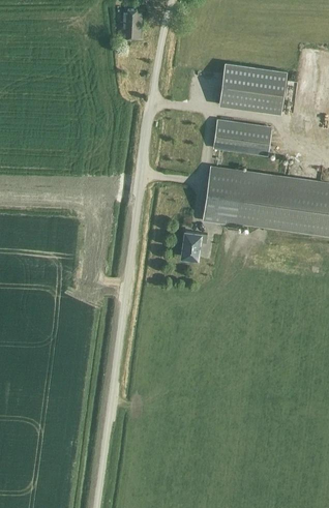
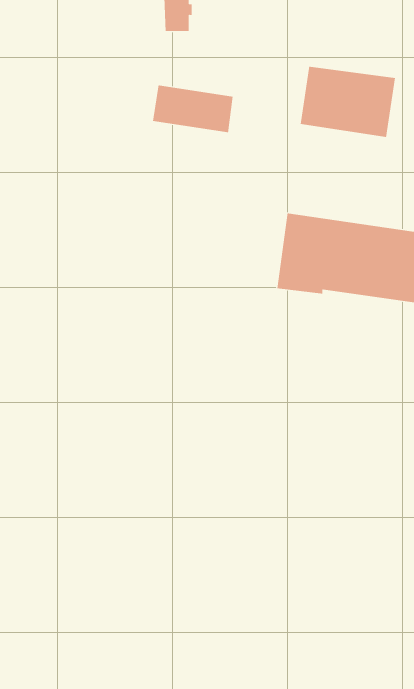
building: [213,120,271,154] -> [152,85,233,133]
building: [181,228,208,259] -> none

